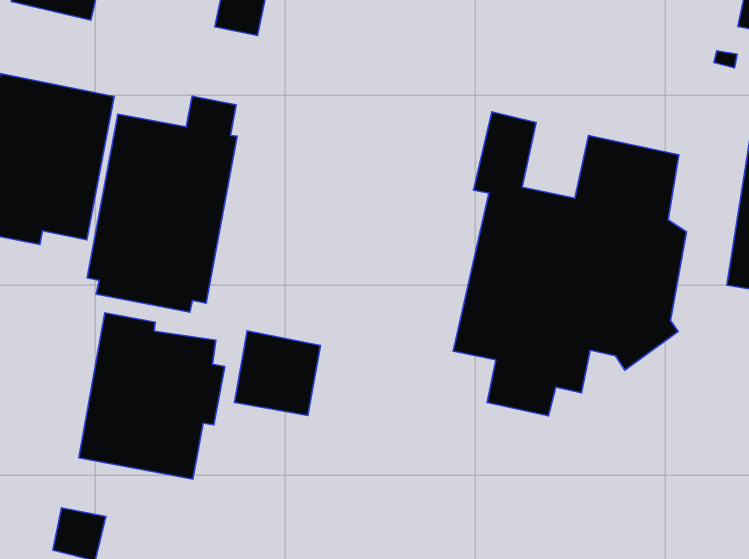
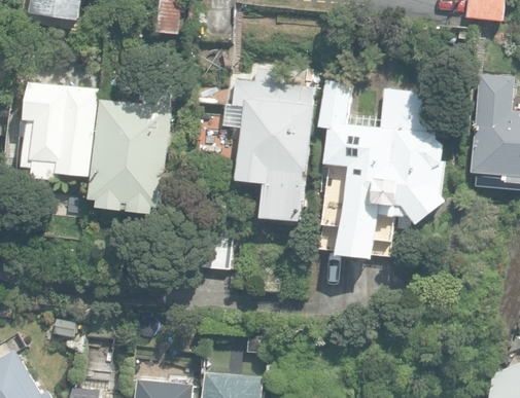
building: none -> [221,69,313,223]
building: [79,313,225,479] -> none

